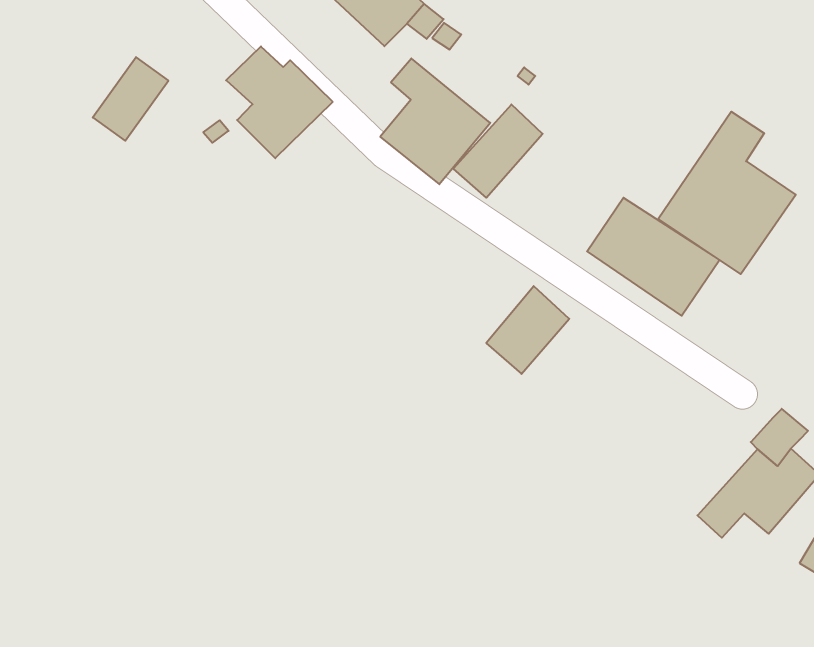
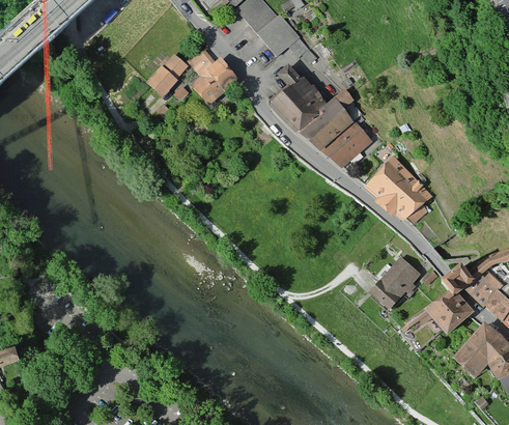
building: [93,57,168,141] -> [147,54,190,97]
building: [658,112,796,274] -> none
building: [486,286,569,374] -> [324,118,370,164]
building: none -> [367,253,419,305]

